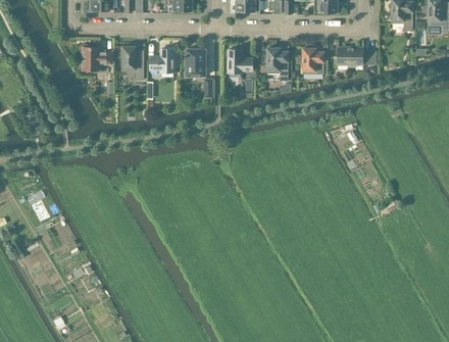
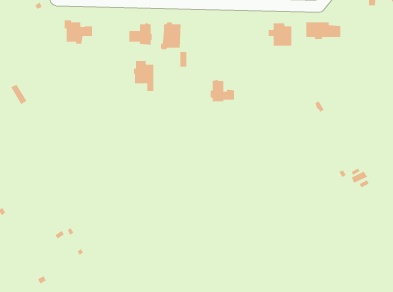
building: [121,46,144,80] -> [133,60,154,92]
building: [227,48,253,72] -> [210,79,235,102]
building: [262,48,289,81] -> none

